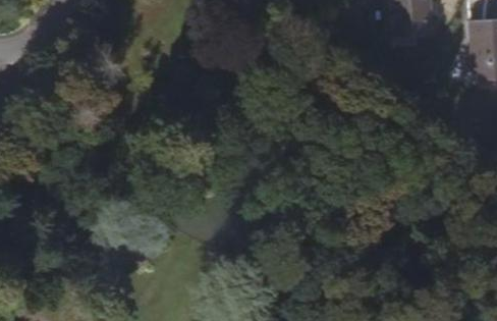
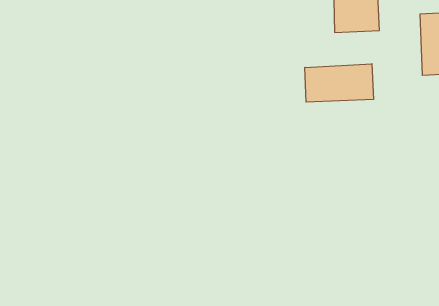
building: none -> [305,64,373,102]

